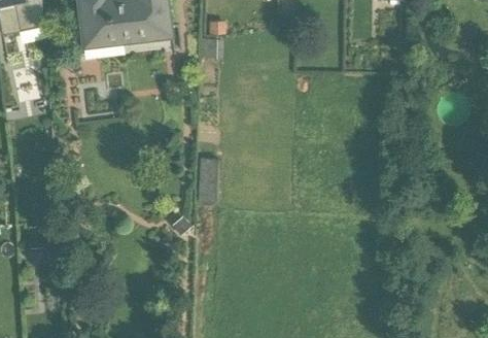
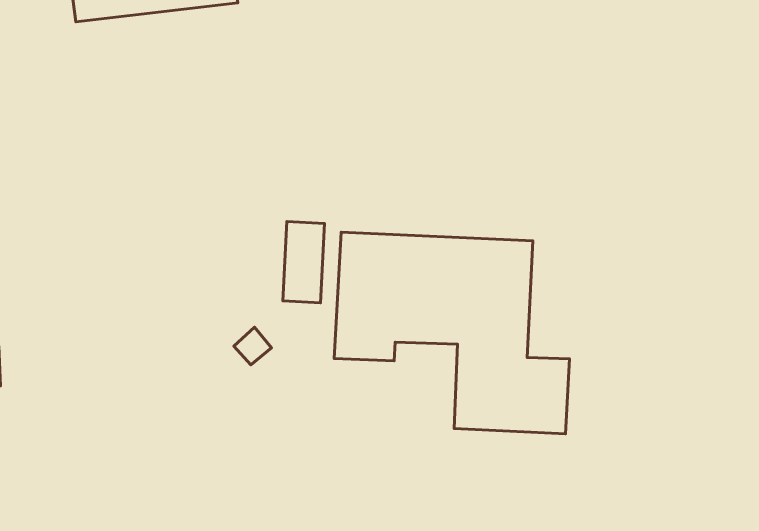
building: none -> [334,232,569,434]

